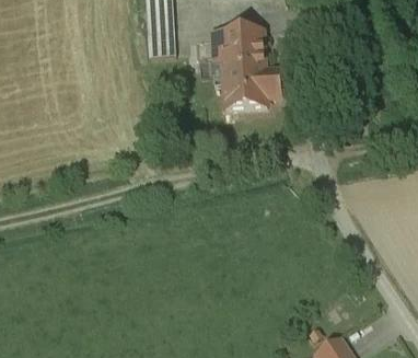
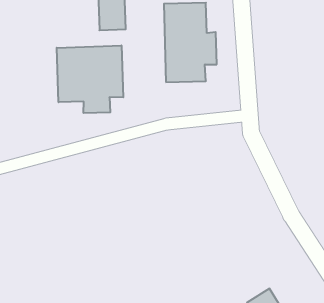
building: none -> [57,45,123,113]

